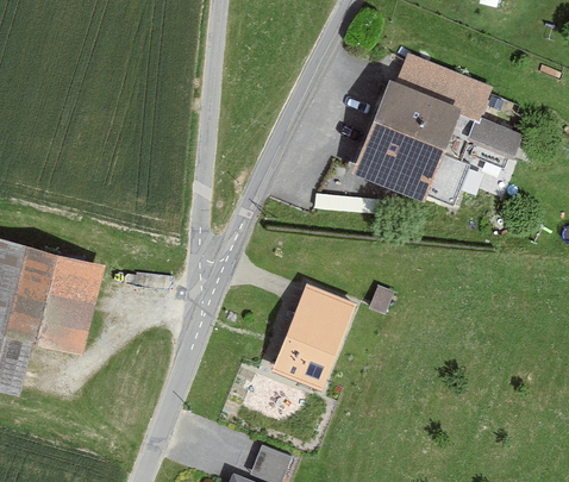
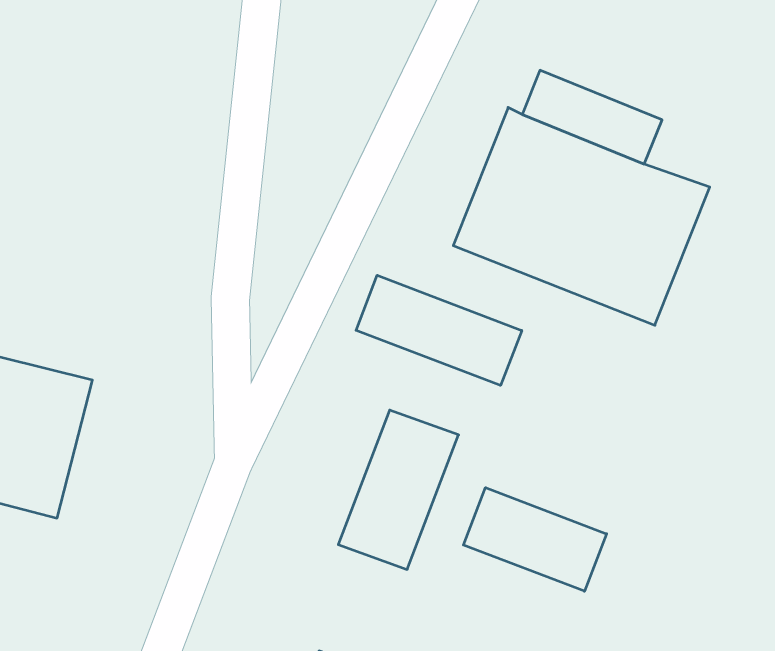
building: none -> [356,275,522,385]
building: none -> [463,488,607,591]

